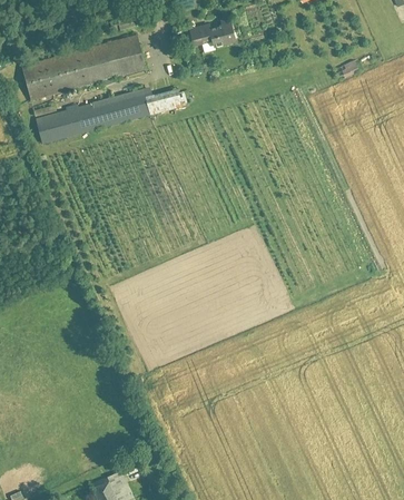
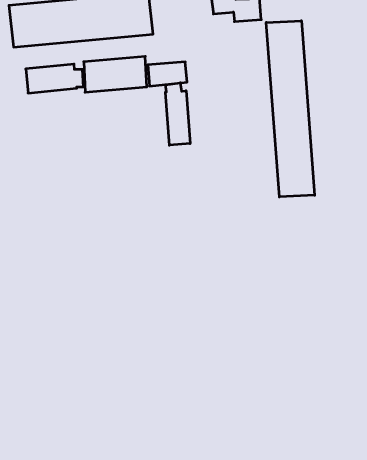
building: none -> [266,21,315,197]
building: none -> [165,83,190,145]

